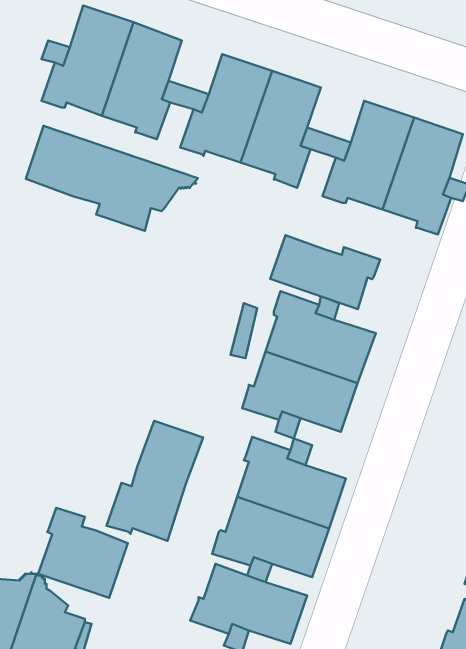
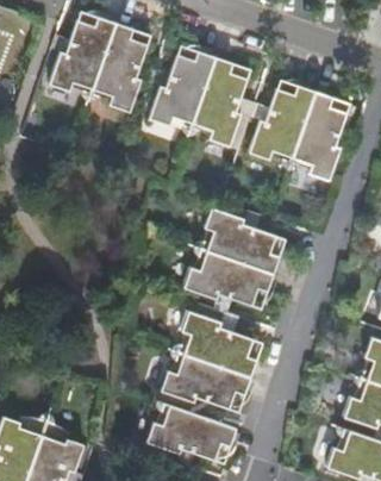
building: [26,126,198,231] -> none
building: [270,235,380,309] -> none
building: [107,421,203,541] -> none
building: [38,508,128,598] -> none

